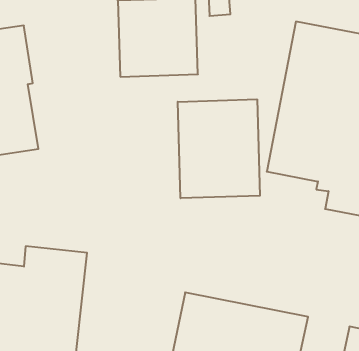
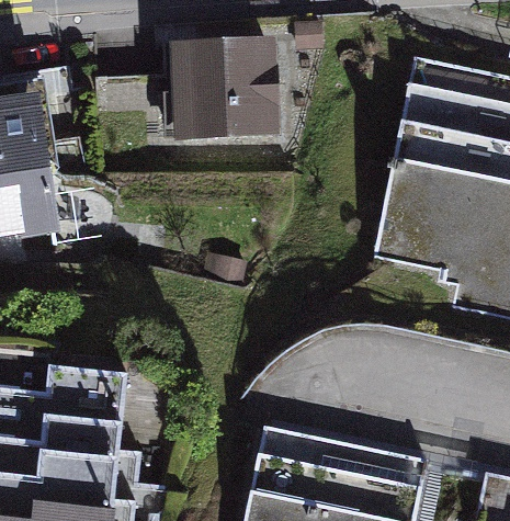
building: [178,99,260,198] -> none

